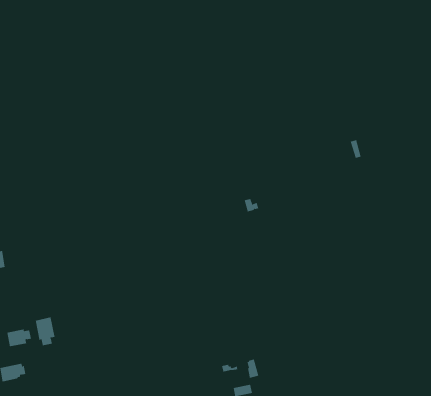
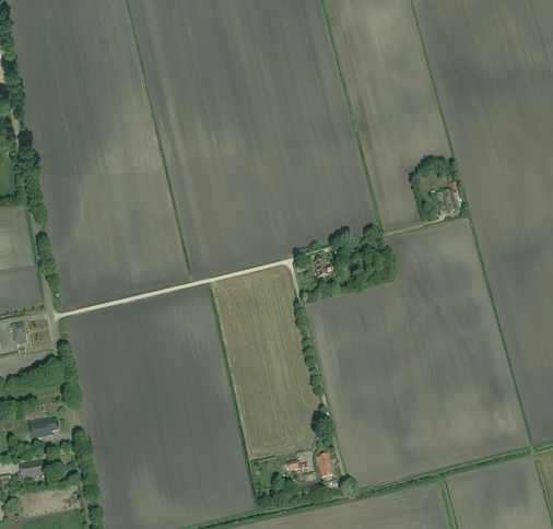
building: [35,317,55,346] -> none

